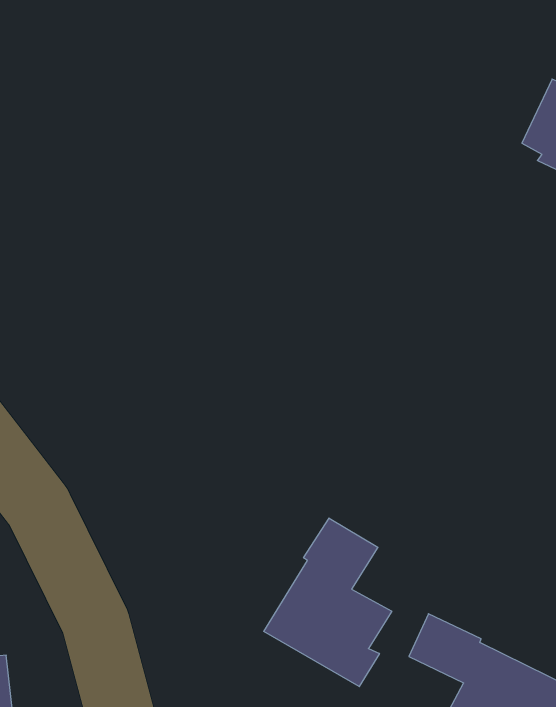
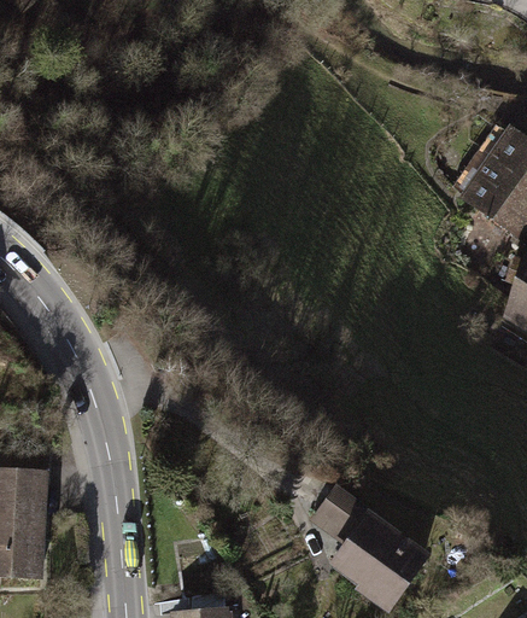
building: [264,518,392,687] -> none

